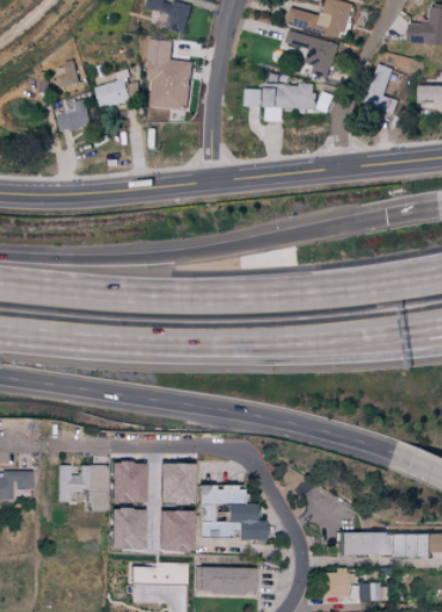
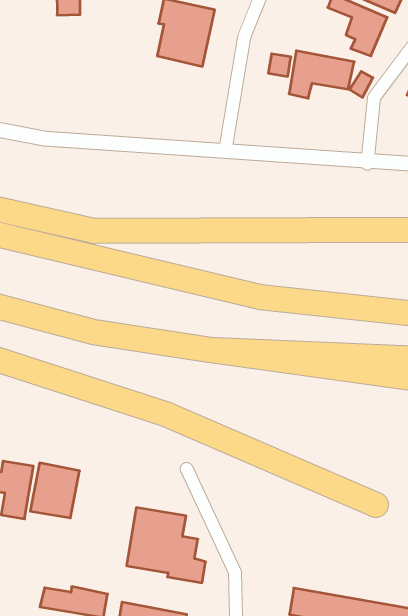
building: [98,69,133,105] -> none
building: [59,98,94,133] -> none
building: [158,465,192,504] -> none
building: [109,510,143,552] -> none
building: [156,512,191,555] -> none

